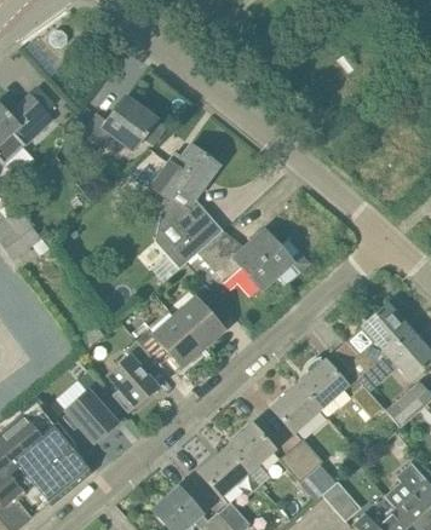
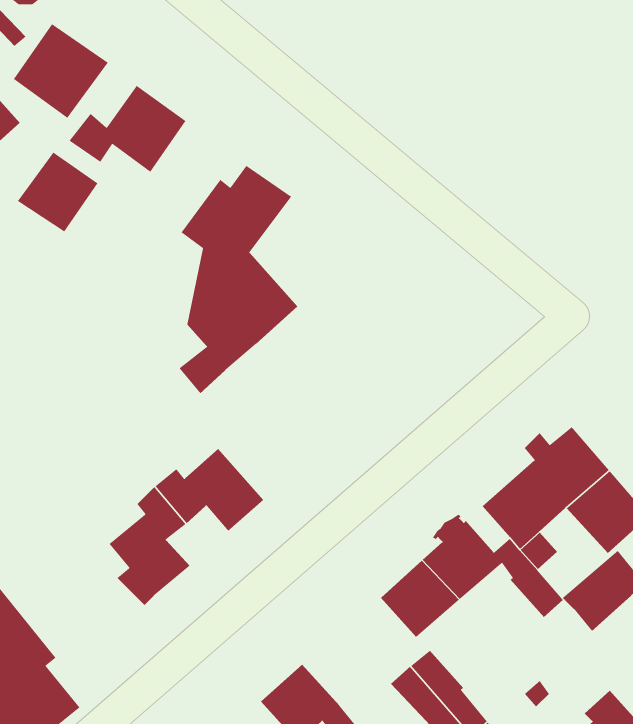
building: none -> [13,23,109,119]
building: none -> [17,151,99,232]
building: [196,230,311,287] -> none
building: [173,281,223,347] -> none
building: [64,370,115,442] -> none
building: [224,422,274,472] -> none

